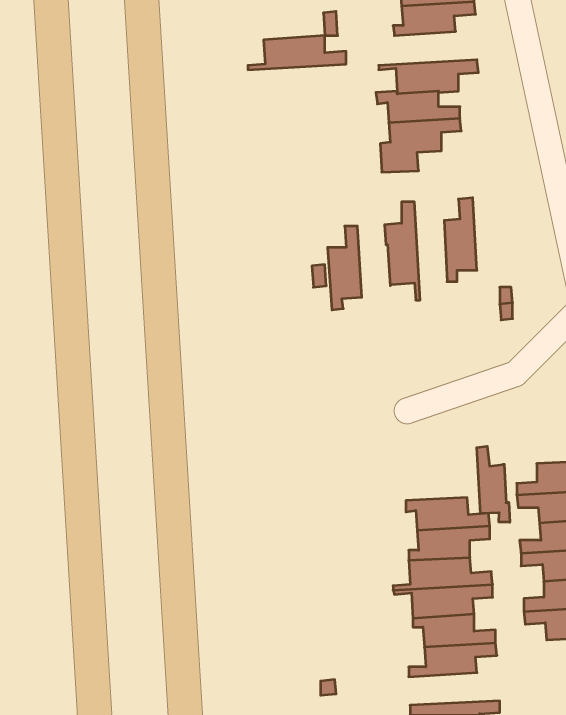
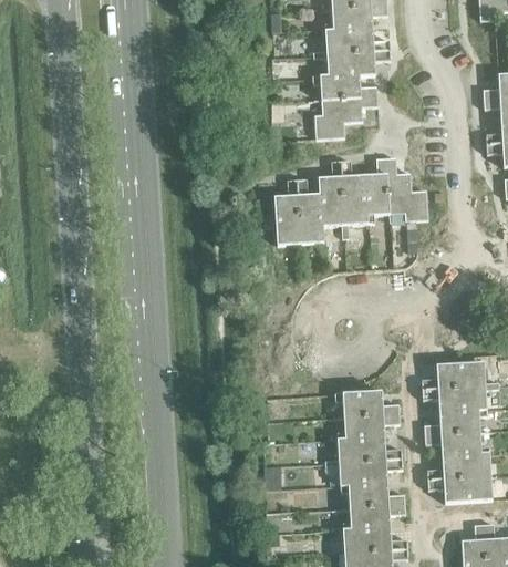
building: [248,36,346,70] -> [313,29,390,55]
building: none -> [386,158,428,221]
building: none -> [341,161,366,238]
building: none -> [297,179,324,243]
building: [477,446,510,522] -> none
building: none -> [336,528,407,554]

